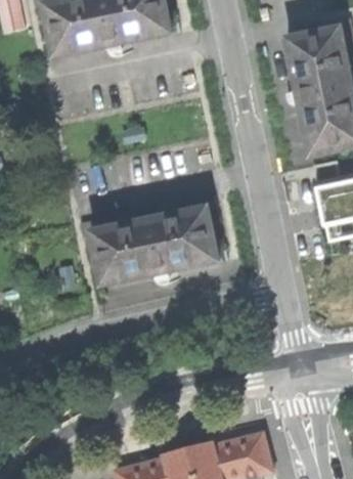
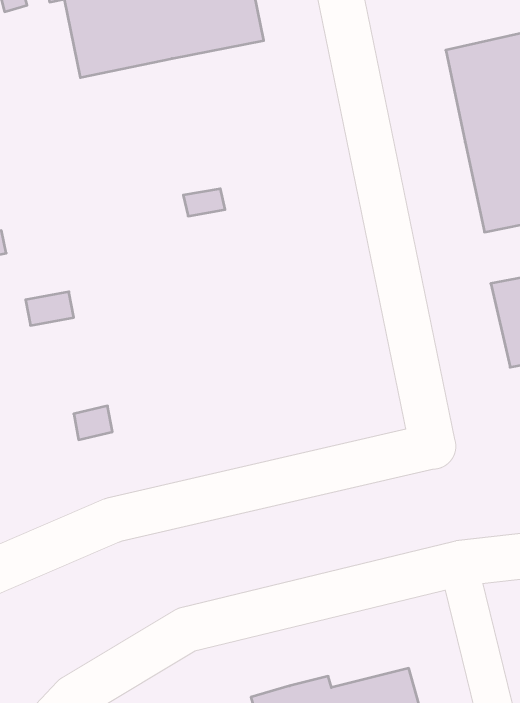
building: [81,192,218,284] -> none

